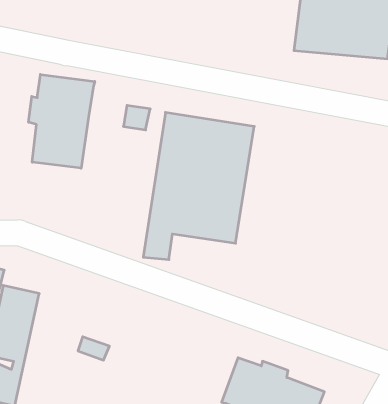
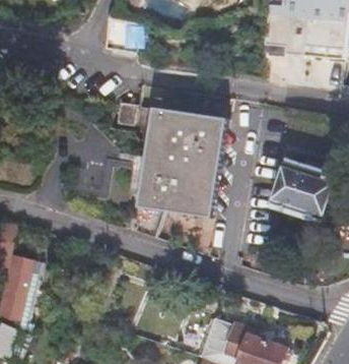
building: [29,74,95,168] -> none
building: none -> [273,161,335,219]

